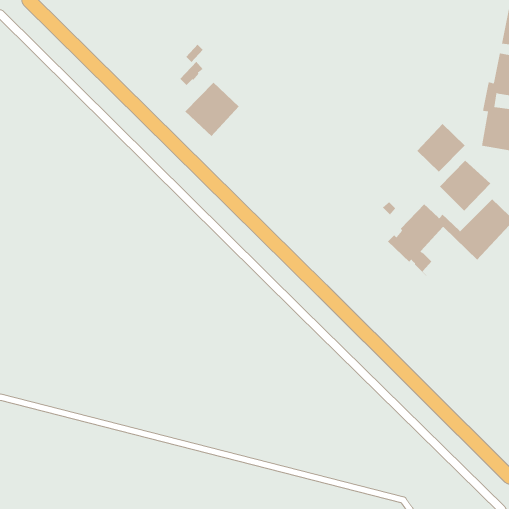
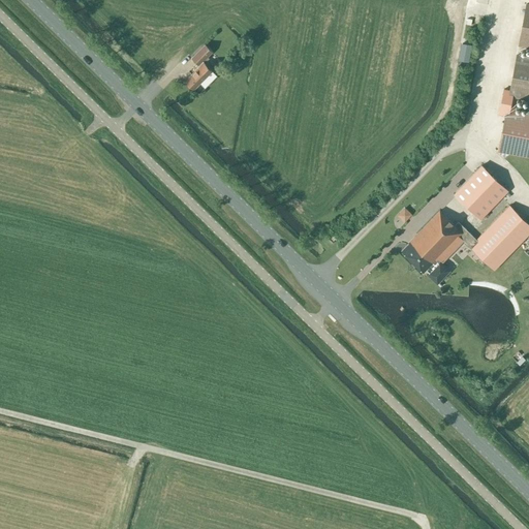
building: [184,82,239,137] -> none
building: [416,123,466,172] -> none

